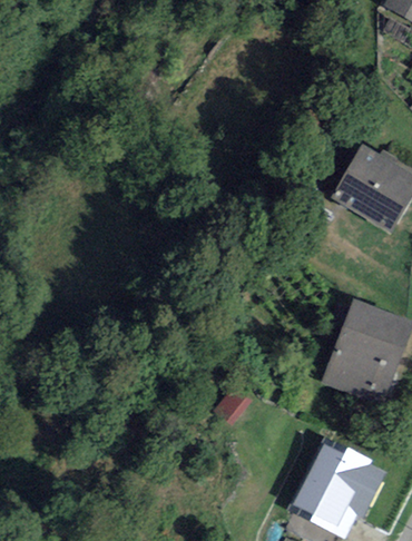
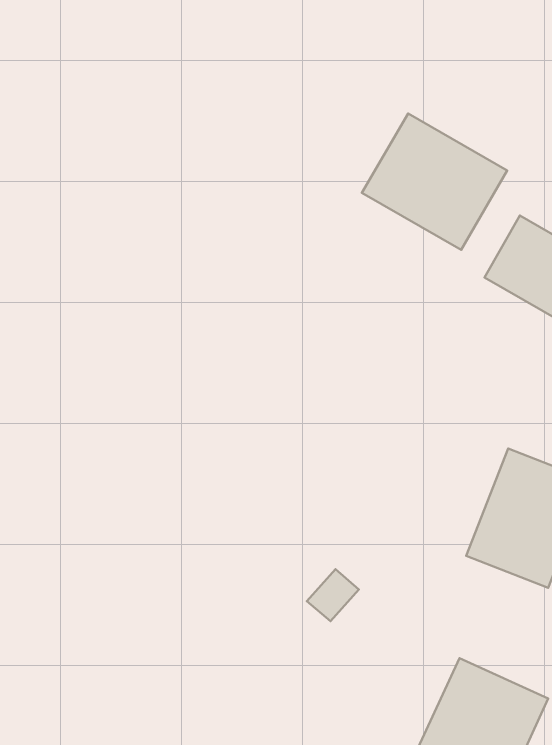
building: none -> [362,113,507,250]

